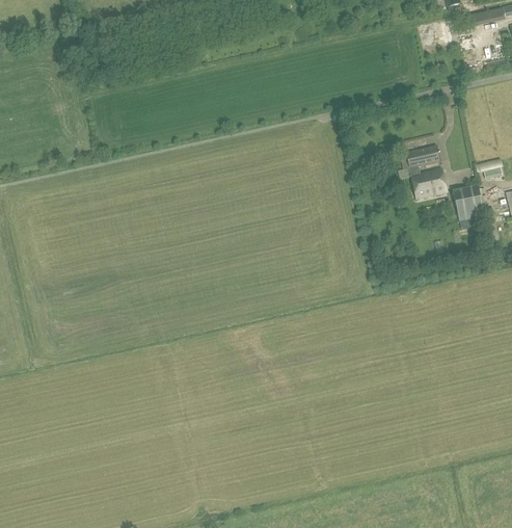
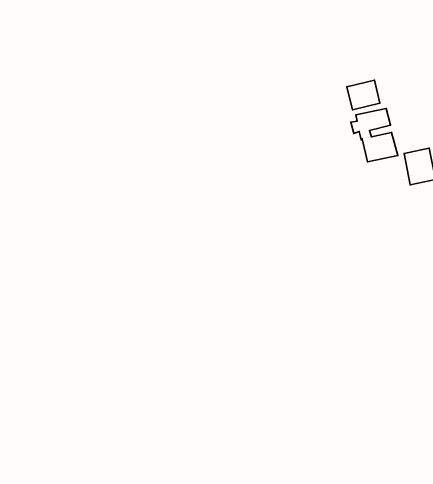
building: none -> [347,80,380,110]

